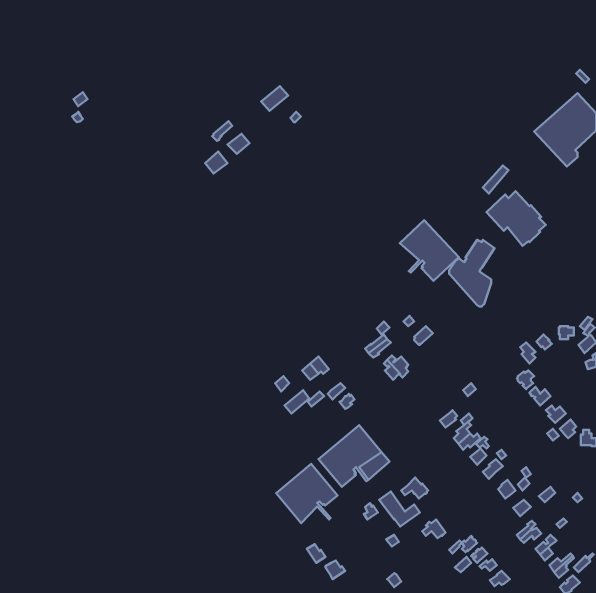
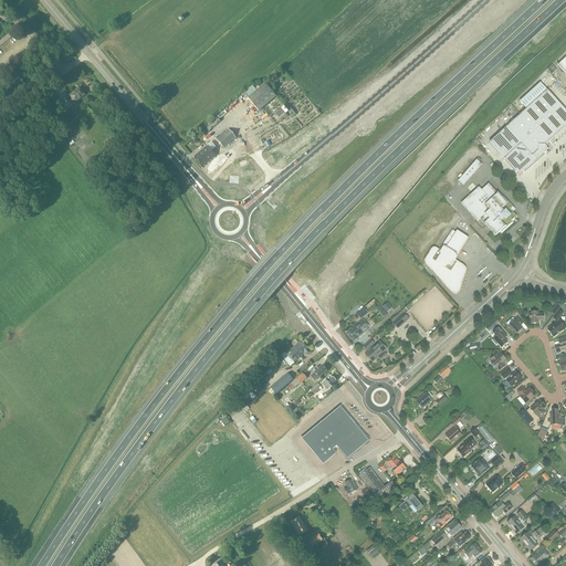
building: none -> [490,125,537,171]
building: [400,220,459,281] -> none
building: [276,464,337,523] -> none

